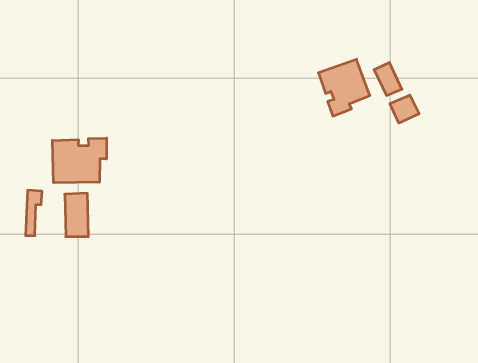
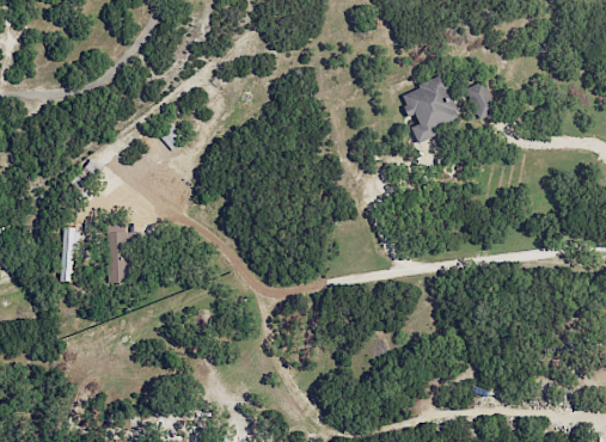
building: [390,95,419,123] -> none
building: [52,138,107,183] -> none

